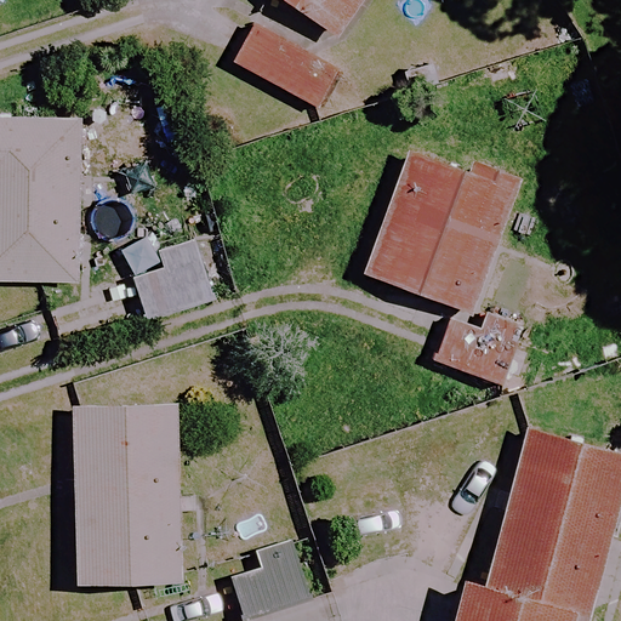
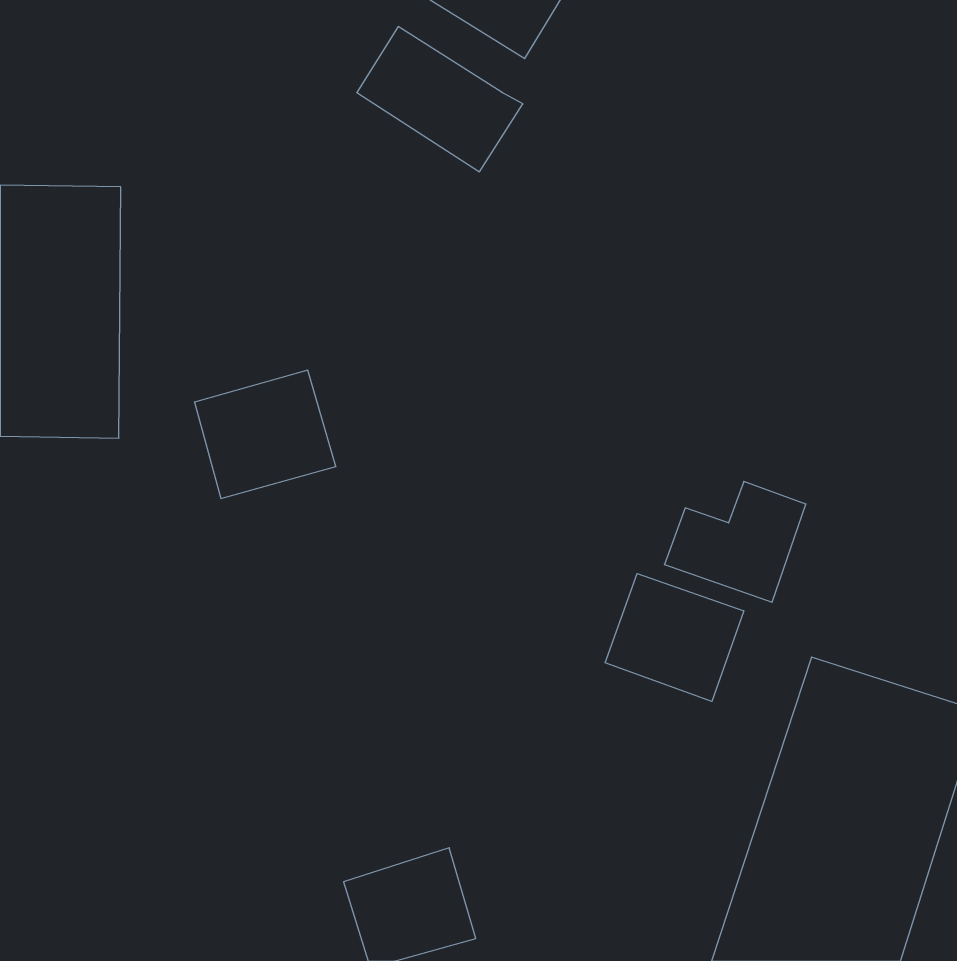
building: [368,153,514,313] -> none
building: none -> [605,574,744,701]
building: [72,404,183,585] -> none

